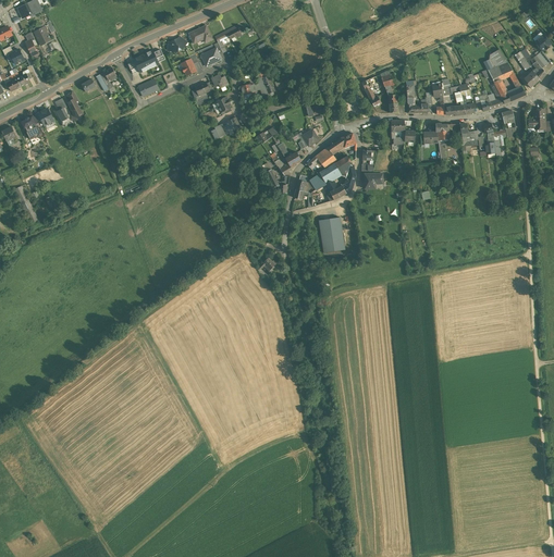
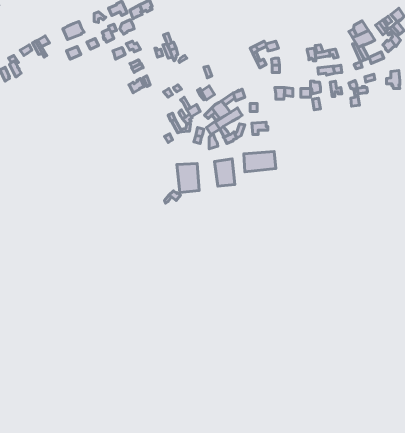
building: none -> [244,152,276,172]
building: none -> [177,163,199,193]

